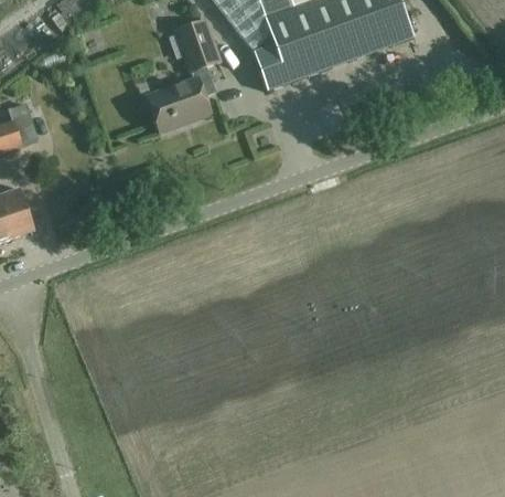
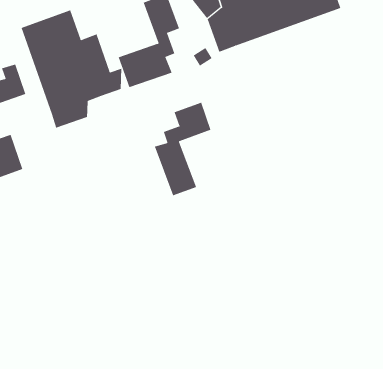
building: none -> [21,10,122,128]
building: none -> [154,102,211,196]

